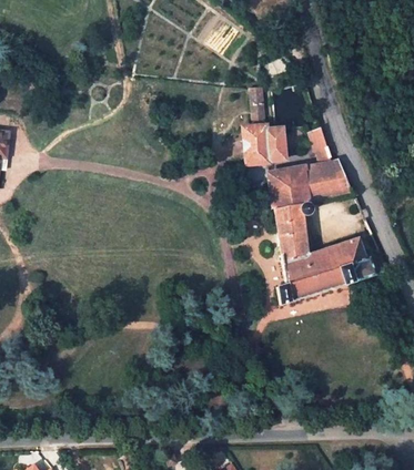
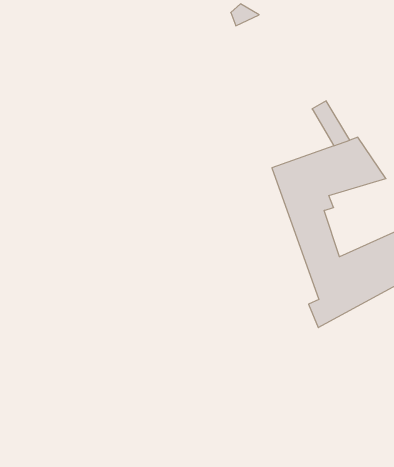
building: [244,86,285,163] -> none

